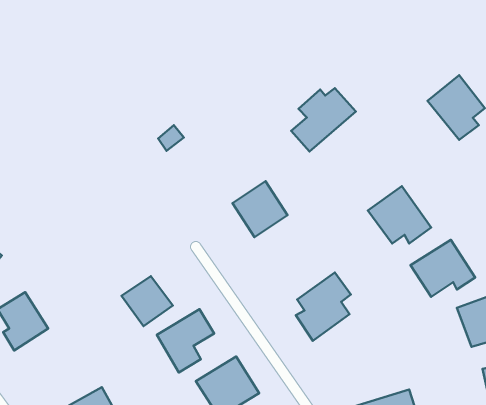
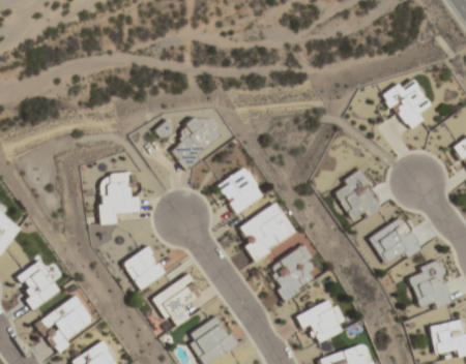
building: [291,88,356,152] -> [170,115,225,169]
building: none -> [99,172,140,224]
building: none -> [238,201,296,262]
building: none -> [34,295,95,350]
building: none -> [296,297,349,341]

